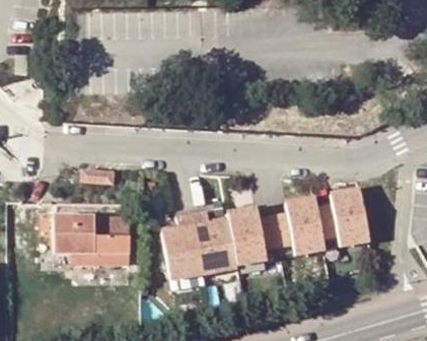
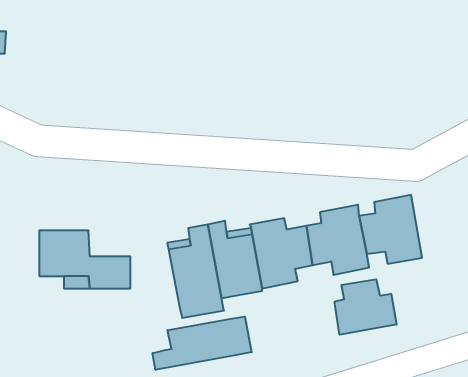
building: none -> [335,279,397,335]
building: none -> [153,317,252,370]

